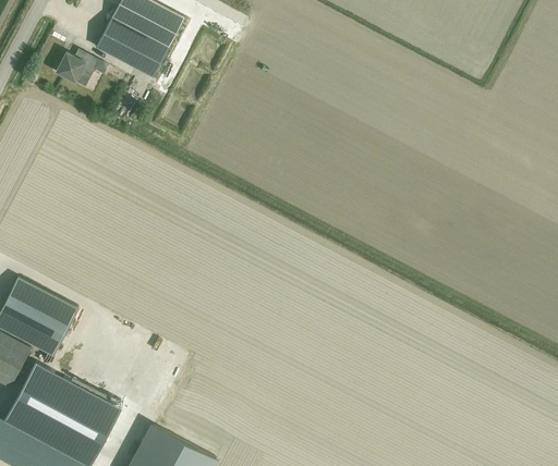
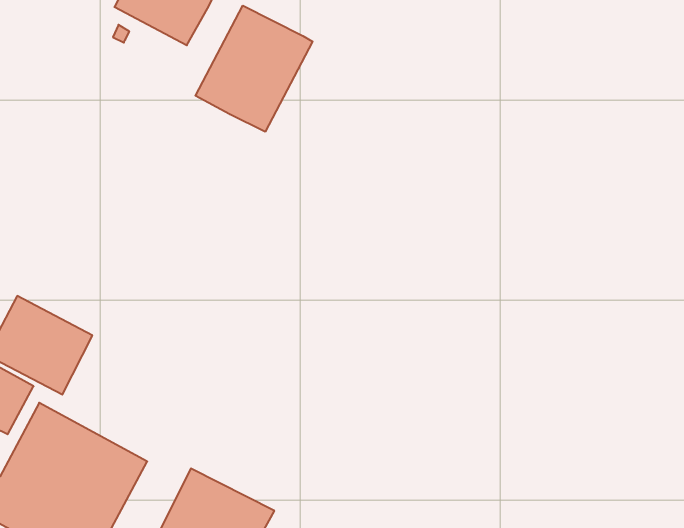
building: none -> [195,6,313,132]
building: [56,53,85,83] -> none

